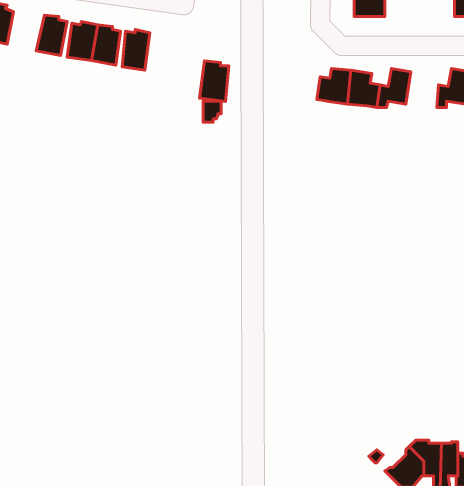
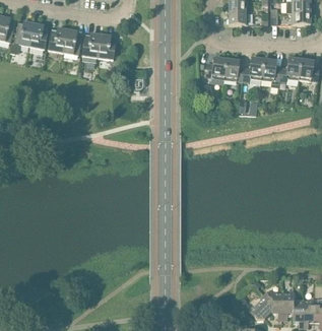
building: none -> [11,20,35,52]
building: [200,61,229,102] -> [98,34,116,59]
building: none -> [261,58,281,86]

